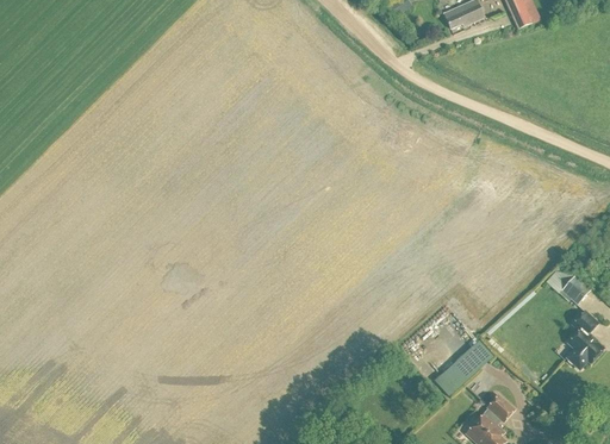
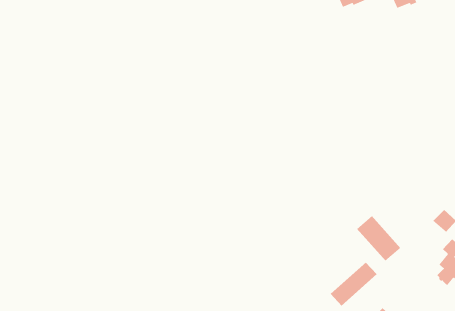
building: none -> [356,215,401,262]

